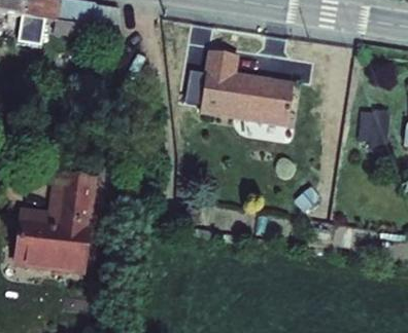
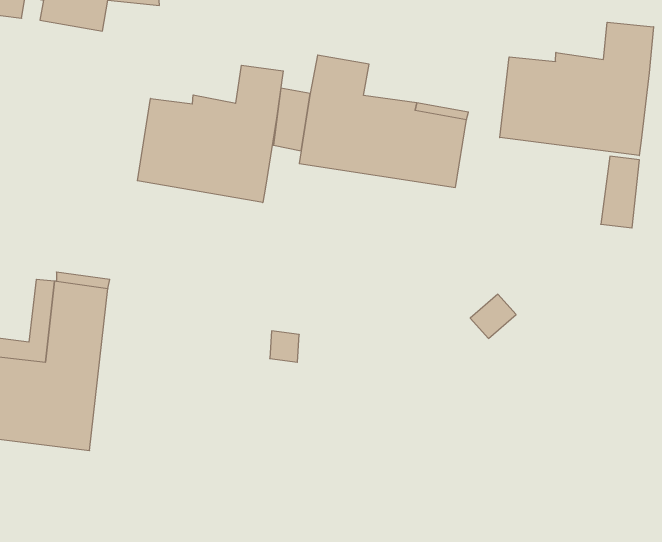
building: none -> [500,22,654,156]
building: none -> [137,65,283,203]

